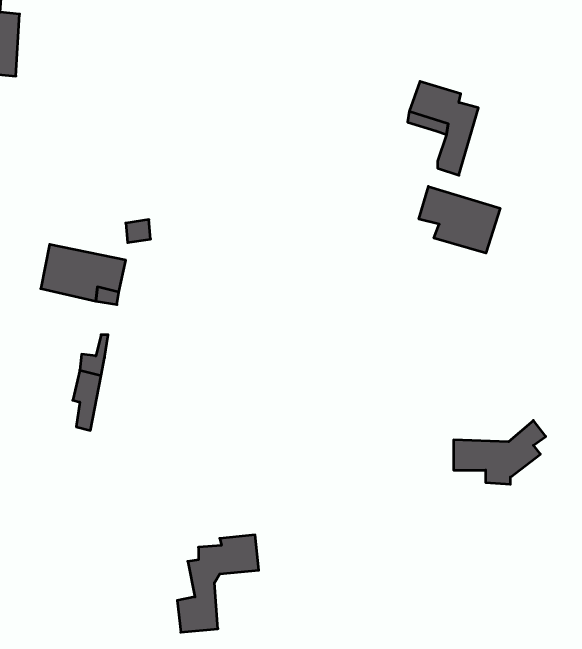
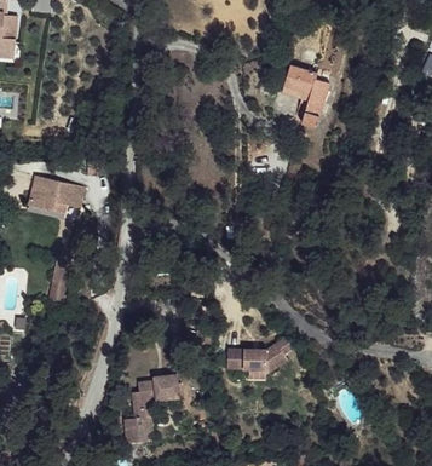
building: [419,186,500,253] -> none
building: [454,420,546,484] -> [227,334,290,378]

